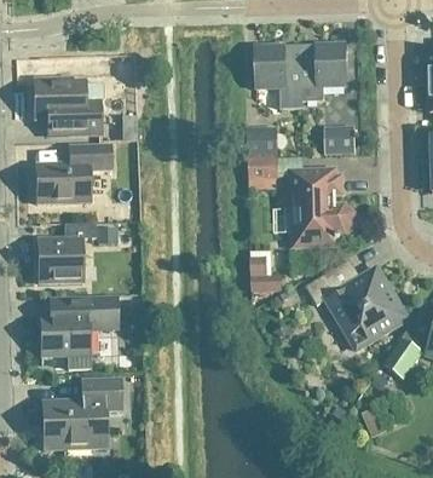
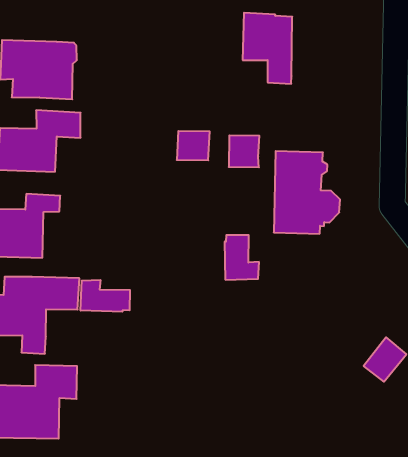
building: [300,41,346,99] -> none
building: [324,126,354,151] -> none
building: [248,127,277,155] -> [177,131,210,160]
building: [305,258,400,349] -> none
building: none -> [81,280,130,312]

